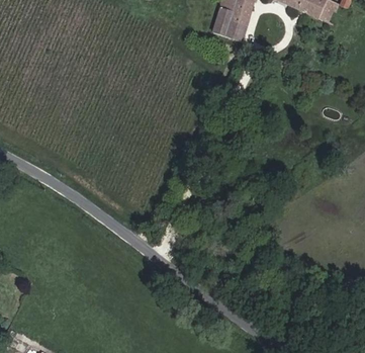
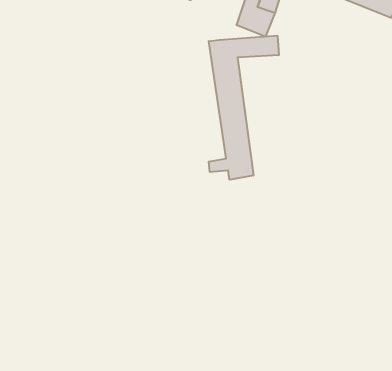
building: none -> [209,36,279,180]

